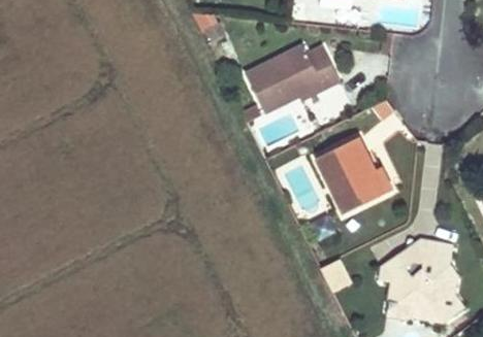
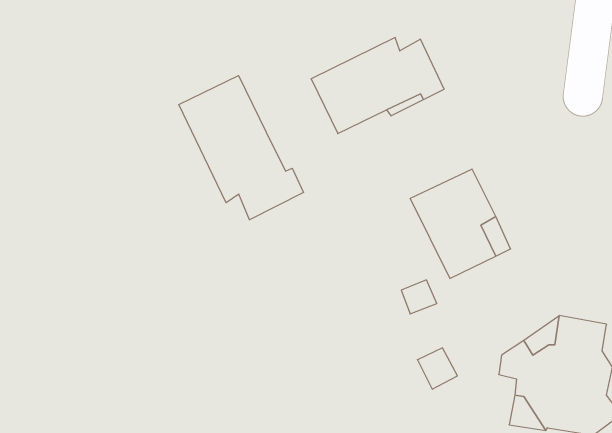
building: none -> [179,76,304,220]

